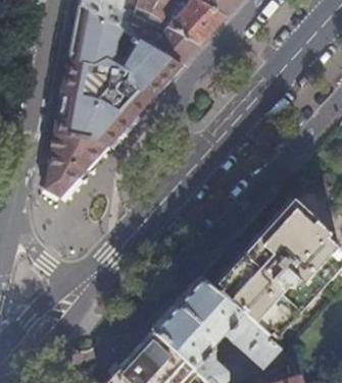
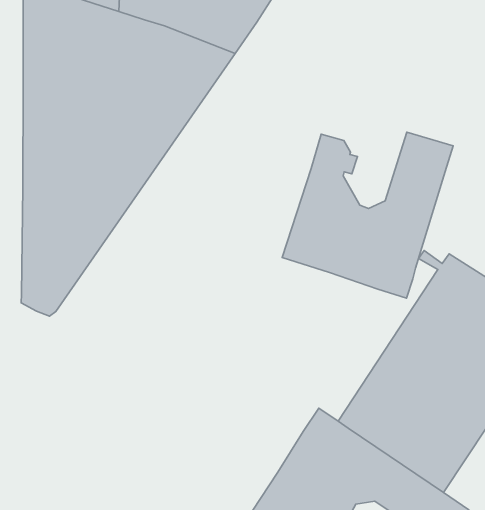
building: none -> [282,132,453,298]

